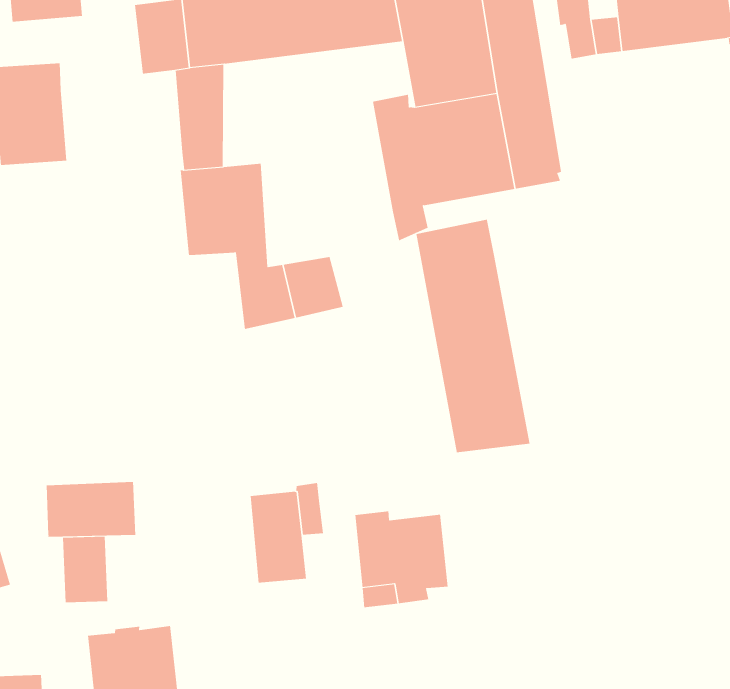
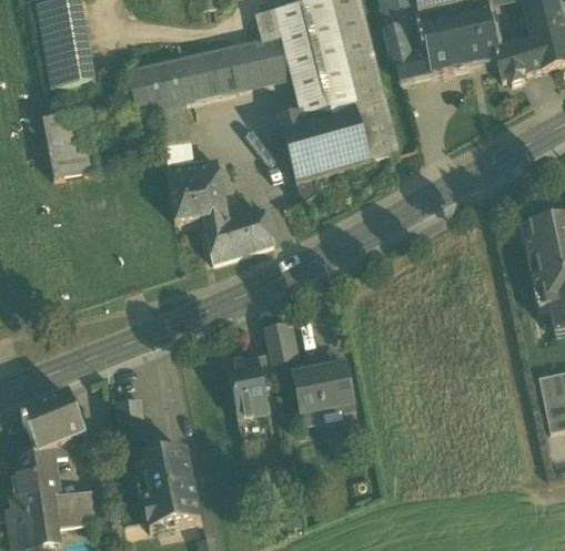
building: [416,219,530,453] -> none
building: none -> [264,324,297,364]
building: [46,481,136,537] -> none

